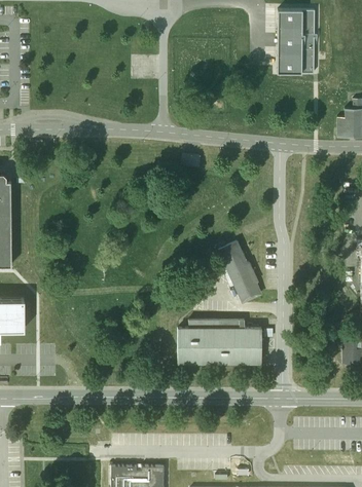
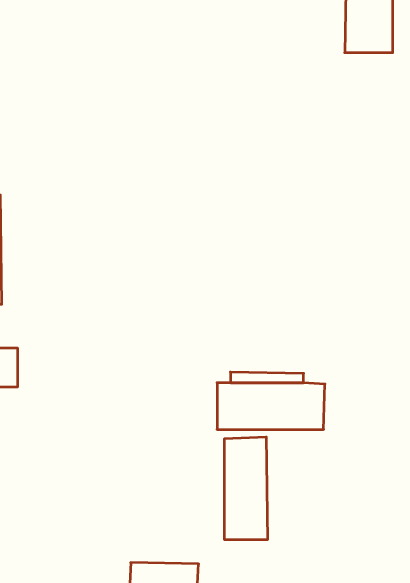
building: [216,240,261,303] -> none
building: none -> [225,437,267,540]

